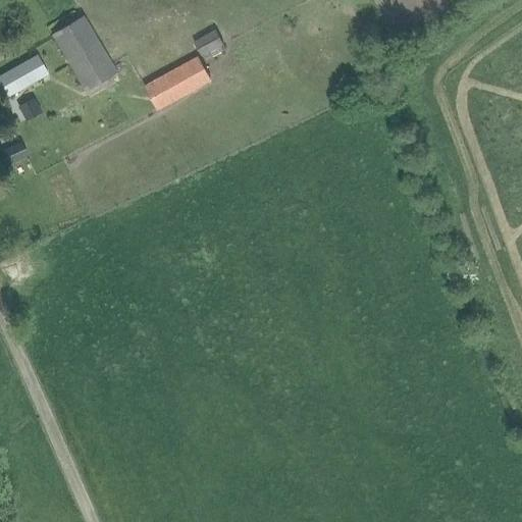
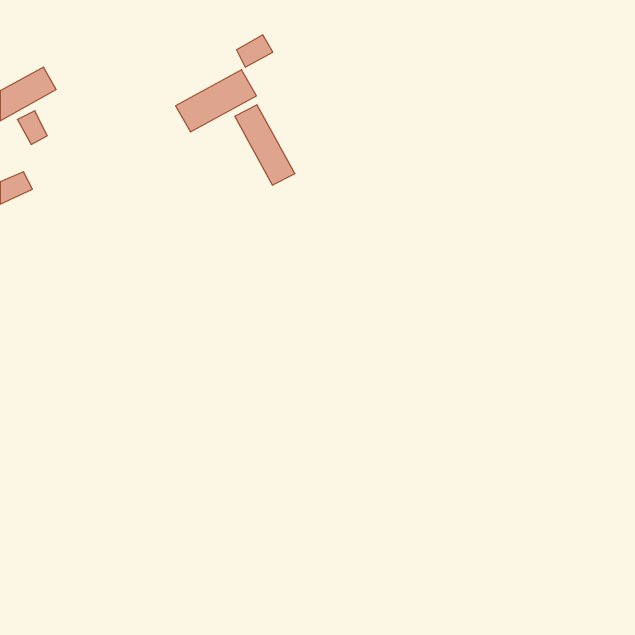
building: [52,15,117,90] -> none
building: none -> [235,105,295,185]

